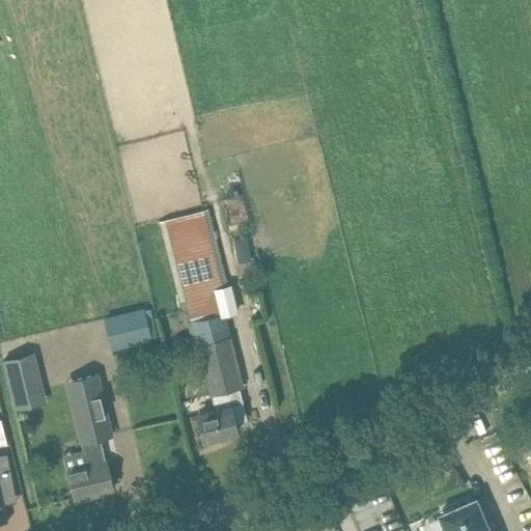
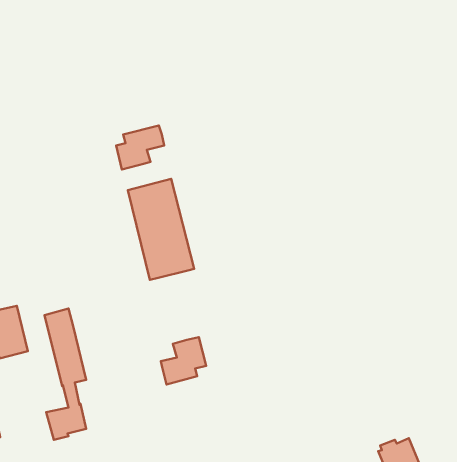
building: none -> [116,125,164,169]
building: [104,311,151,354] -> none
building: [193,315,243,397] -> none

